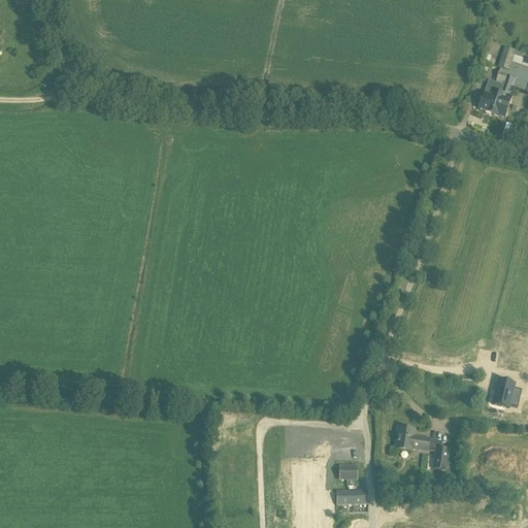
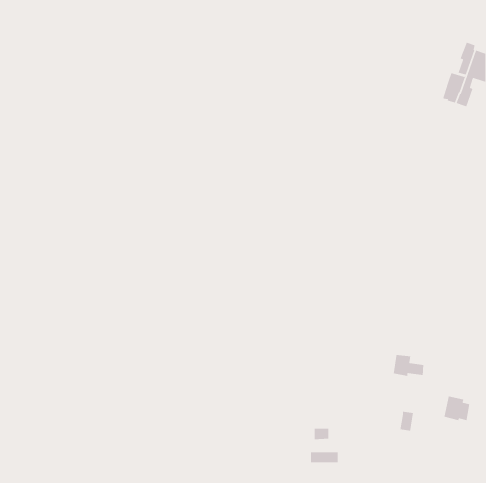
building: [492,378,521,406] -> [443,395,470,421]
building: [395,425,429,450] -> [393,354,424,377]

